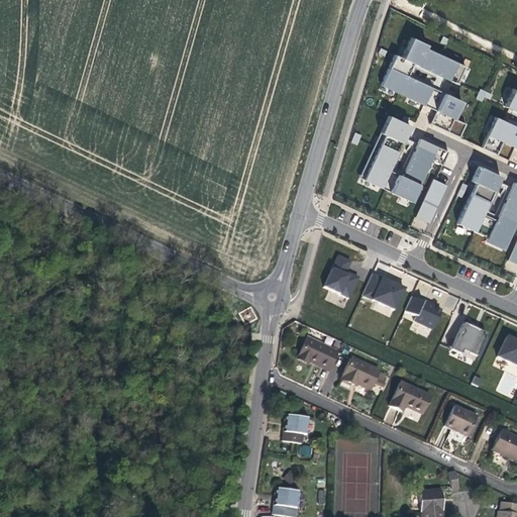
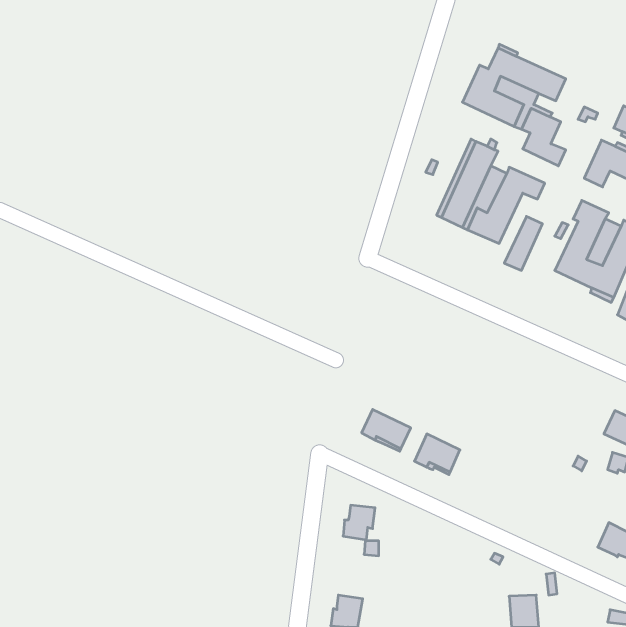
building: [325,255,359,298] -> none
building: [364,274,405,309] -> none
building: [406,296,442,328] -> none
building: [451,324,487,359] -> none
building: [391,382,431,414] -> none
building: [445,405,478,436] -> none

